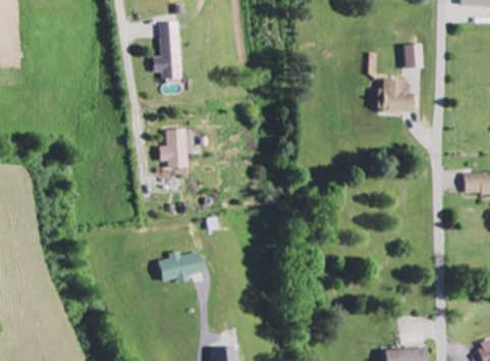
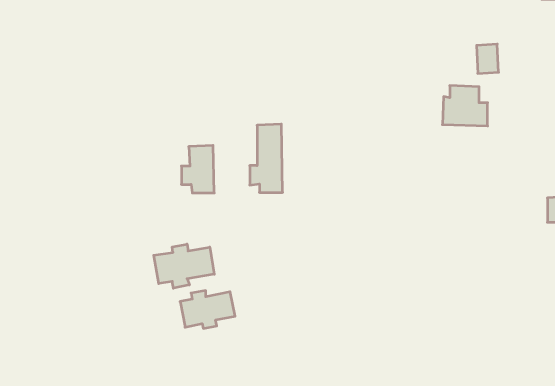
building: [153,21,180,79] -> [250,124,283,192]
building: none -> [154,244,214,288]

